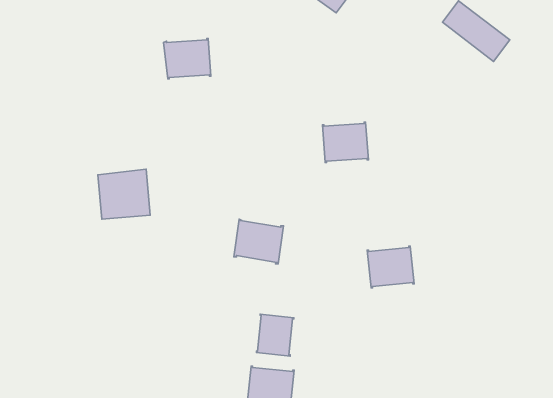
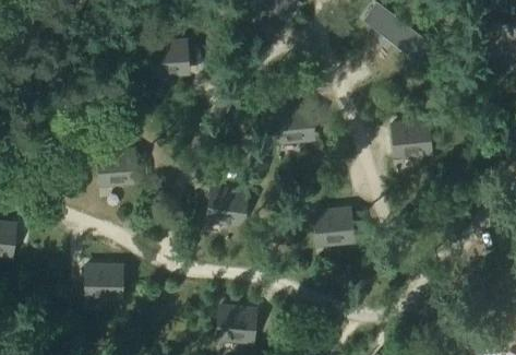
building: none -> [393,120,431,154]
building: [256,314,294,356] -> none
building: none -> [86,265,122,296]

